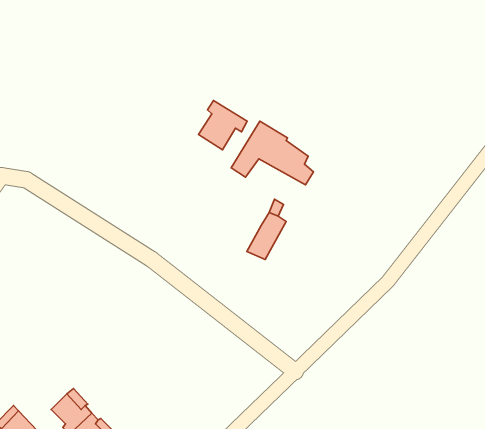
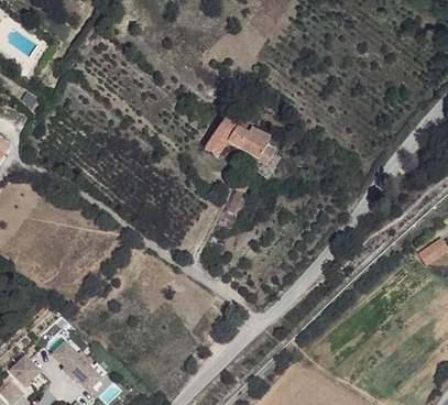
building: [199,101,247,150] -> none

